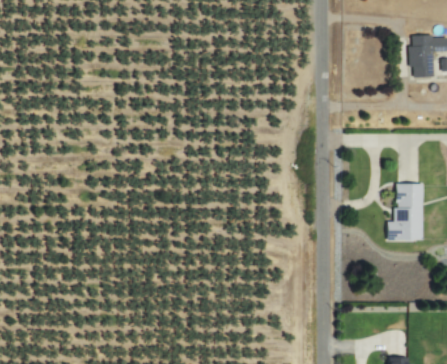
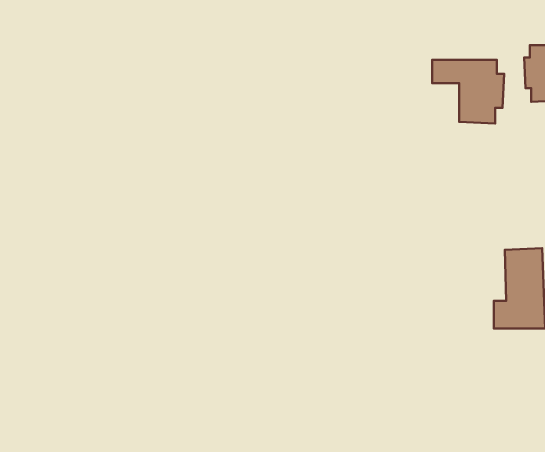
building: none -> [432,60,504,123]

